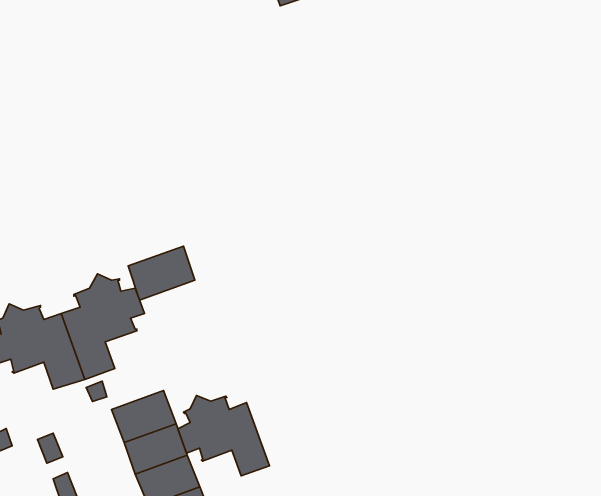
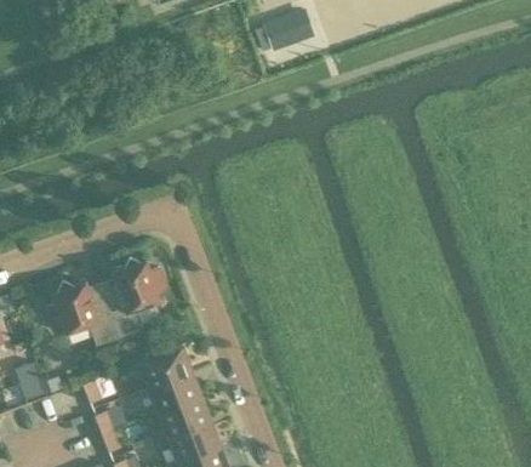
building: [128,246,195,300] -> none
building: [178,395,269,476] -> none

